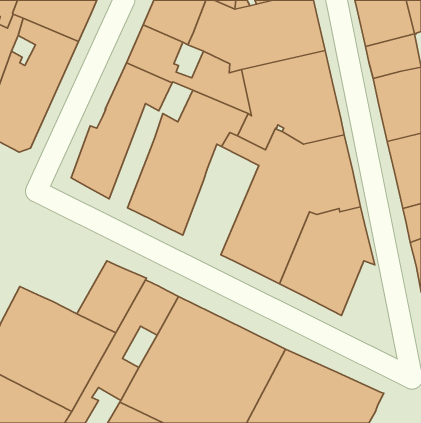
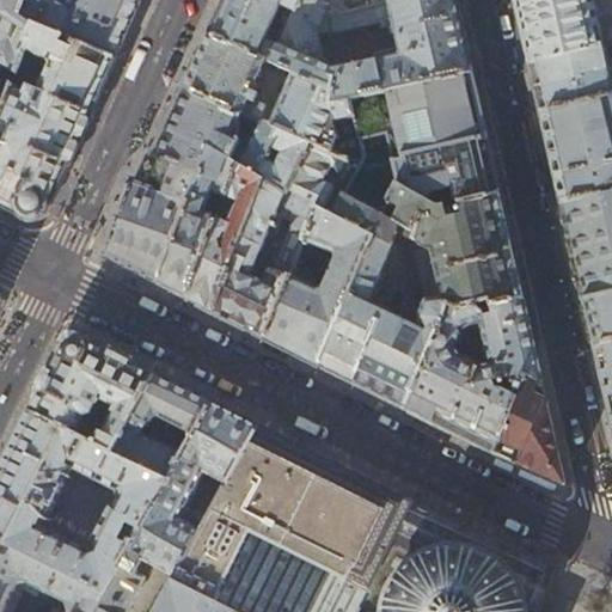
building: none -> [158,118,279,300]
building: none -> [264,208,374,368]
building: none -> [29,338,154,453]
building: none -> [494,377,564,485]

